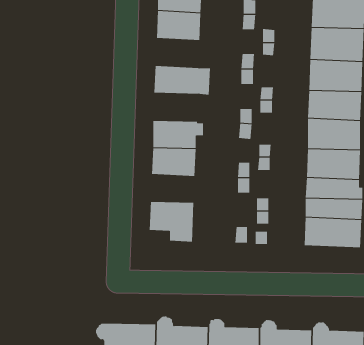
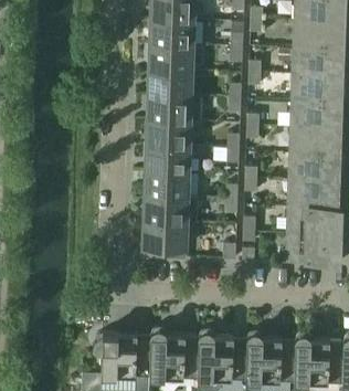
building: none -> [149,70,191,97]
building: none -> [147,120,190,147]
building: none -> [145,196,198,223]

